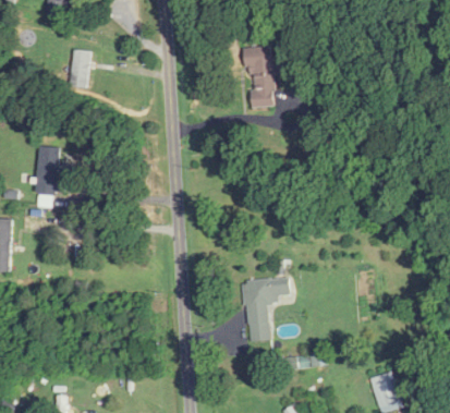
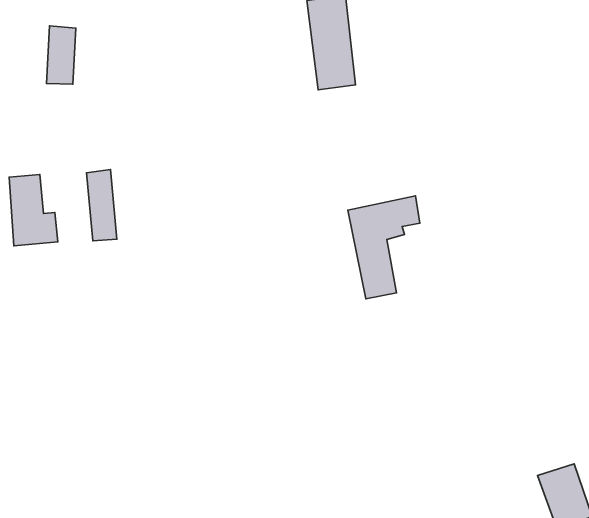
building: none -> [86,169,117,241]
building: [243,276,290,341] -> [348,196,420,299]

